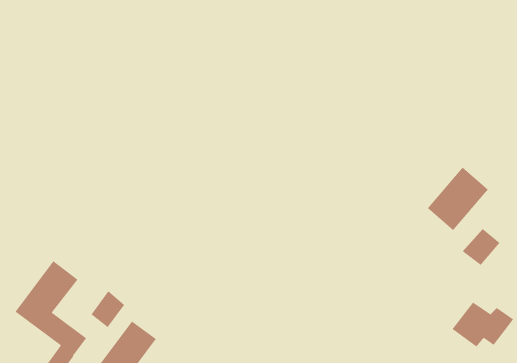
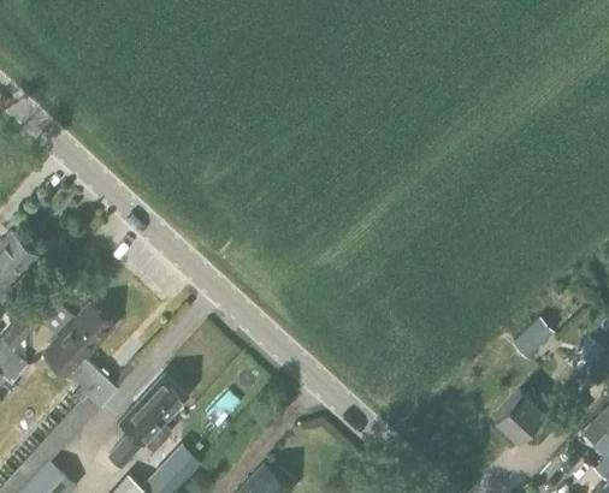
building: [427,166,489,231] -> none
building: [91,290,125,328] -> none

